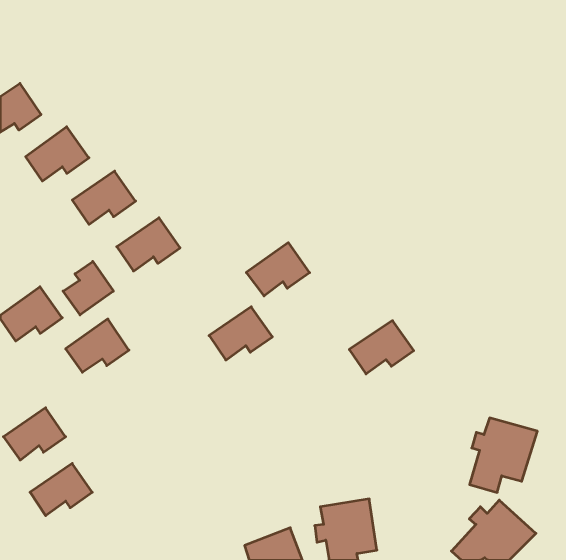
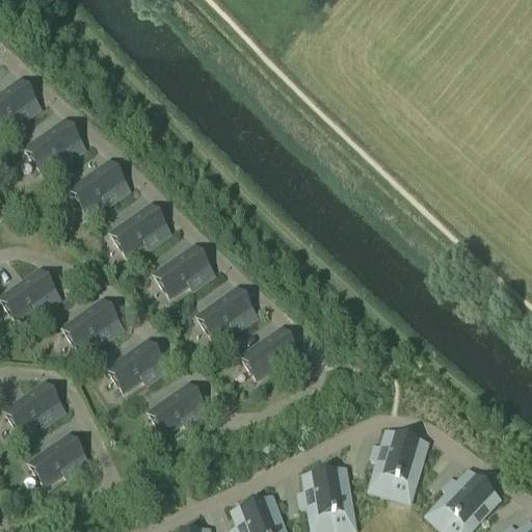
building: [246,243,310,296] -> [155,245,214,295]
building: [63,261,113,315] -> none
building: [349,321,414,374] -> [241,327,301,377]
building: none -> [108,339,167,390]
building: none -> [149,382,208,432]
building: [470,418,537,492] -> [367,429,430,499]

